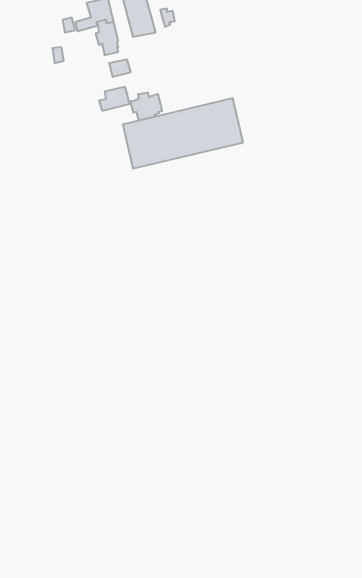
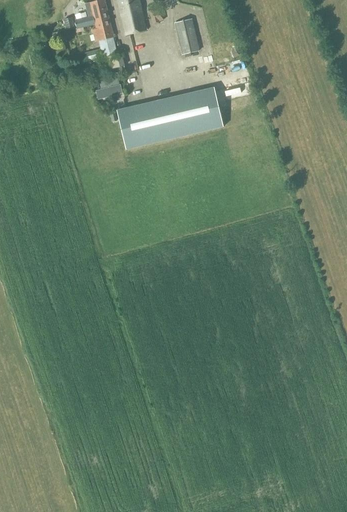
building: none -> [174,19,198,53]
building: [131,92,162,120] -> none

